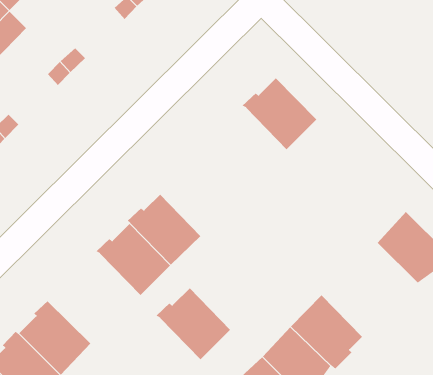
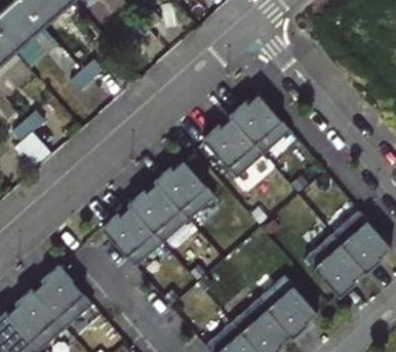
building: none -> [202,118,264,179]
building: none -> [306,236,365,298]
building: [156,288,231,360] -> [154,161,215,222]

